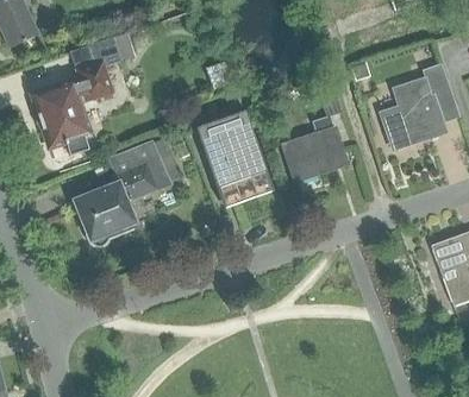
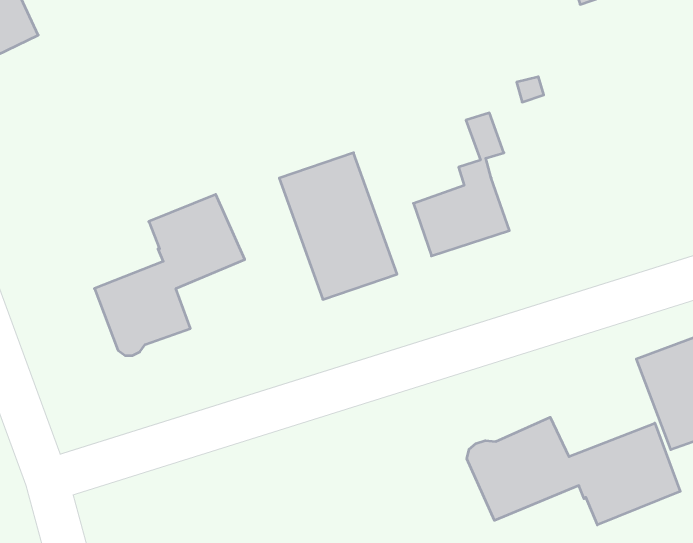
building: [33,32,135,155] -> none
building: [380,62,458,147] -> none
building: none -> [467,417,680,525]

